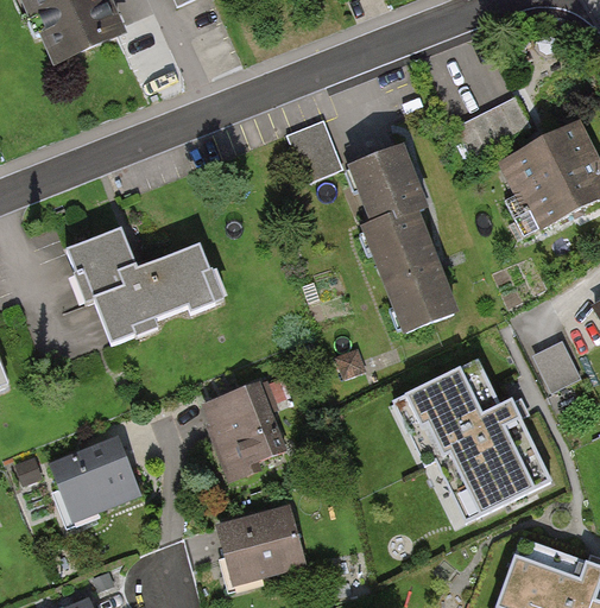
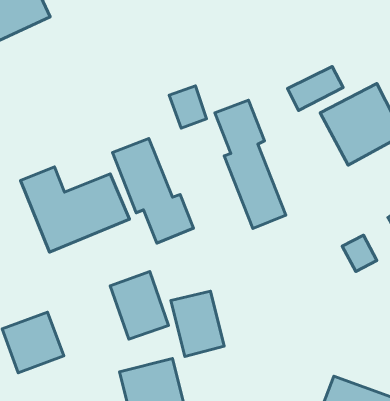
building: none -> [112,139,193,243]
building: [402,348,538,521] -> none
building: none -> [171,291,224,356]

